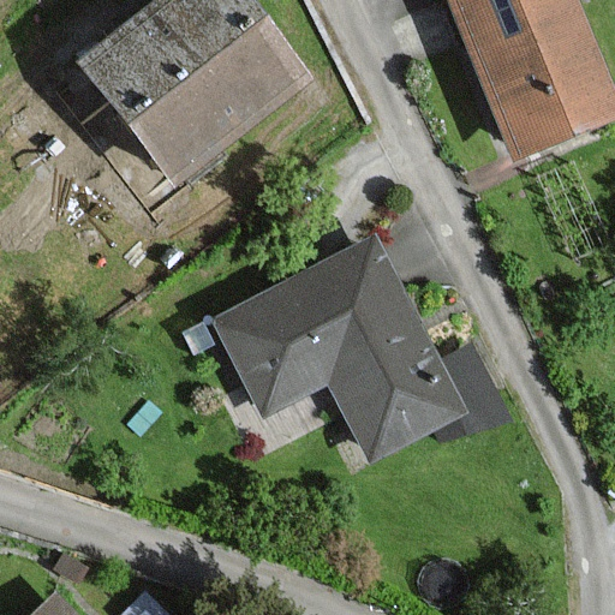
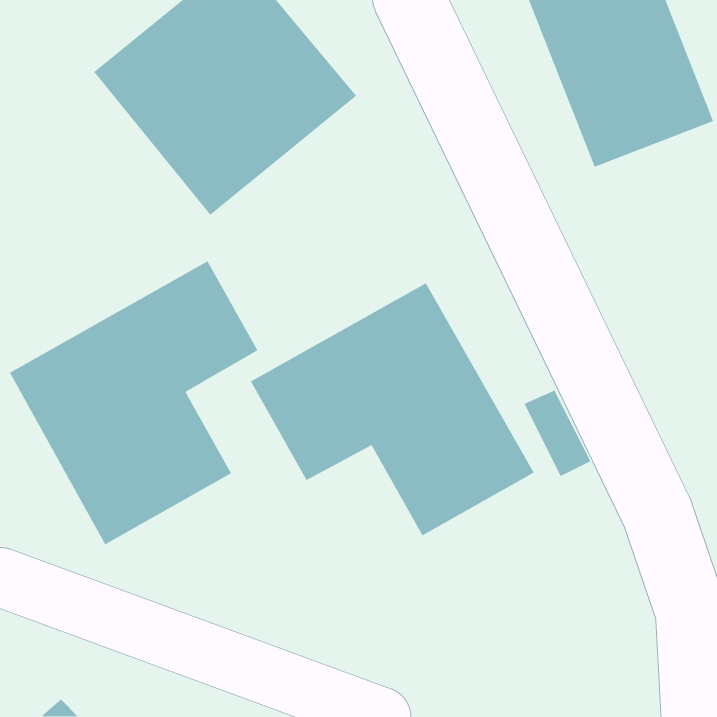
building: none -> [9,260,259,546]

